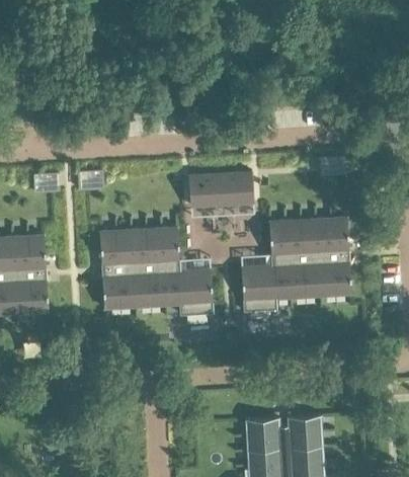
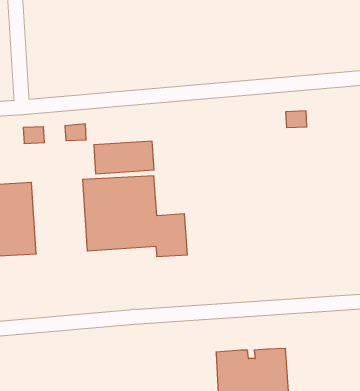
building: [188,171,254,207] -> [94,141,154,174]
building: [241,217,351,311] -> none

